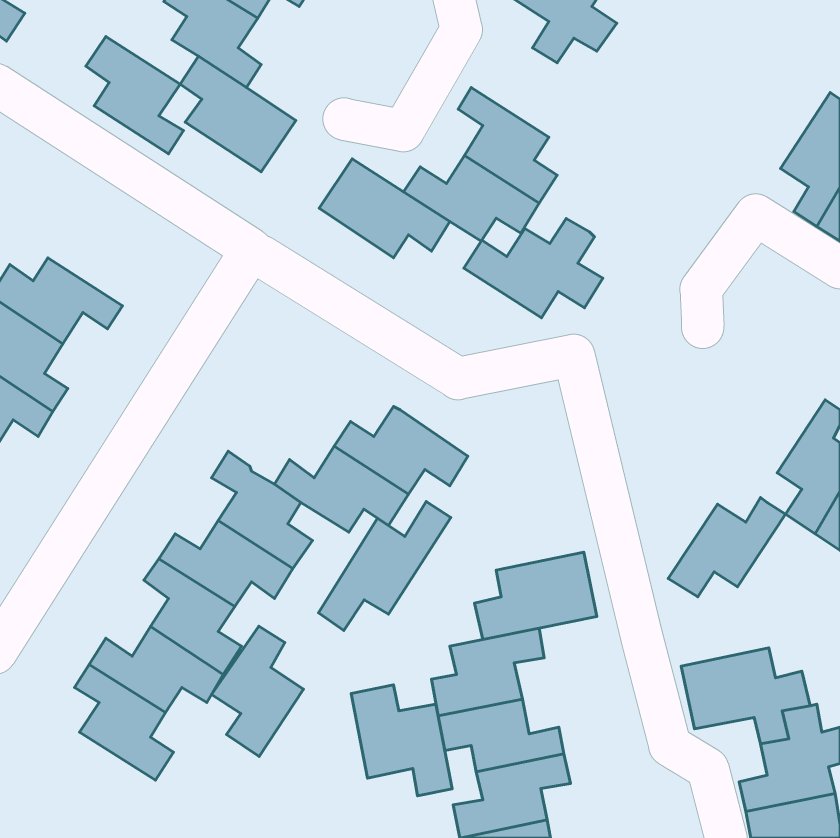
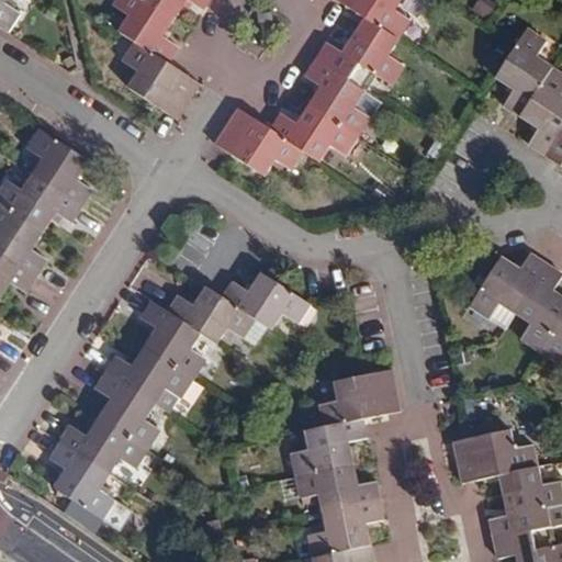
building: none -> [493,22,551,112]
building: [86,36,184,154] -> [26,125,91,203]
building: [464,219,603,318] -> [313,25,405,91]
building: [668,498,785,597] -> [470,255,548,321]
building: [319,501,451,631] -> none
building: [211,626,304,757] -> none
building: [351,685,452,796] -> none

